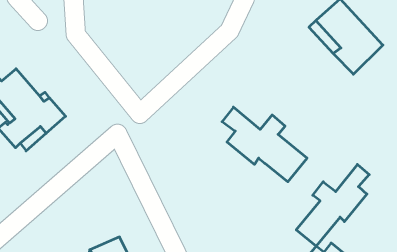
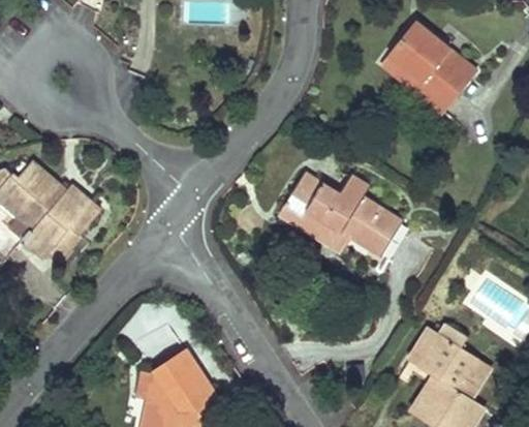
building: none -> [279,192,349,251]
building: [296,164,369,246] -> none

